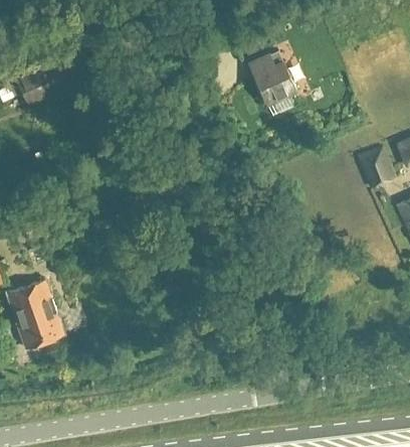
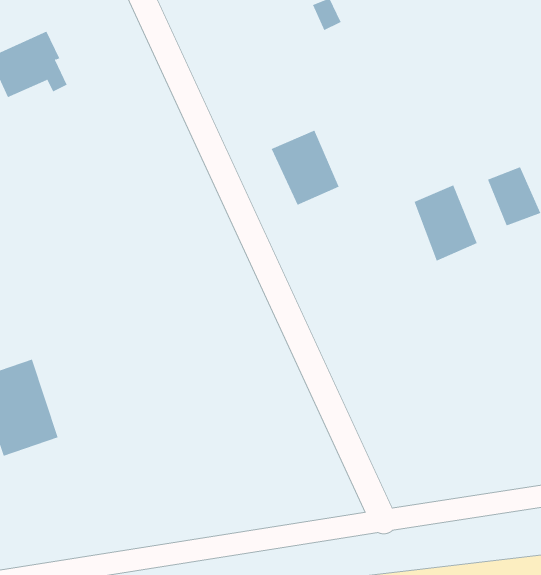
building: [249,52,296,105] -> [271,130,340,206]
building: none -> [414,185,478,261]

